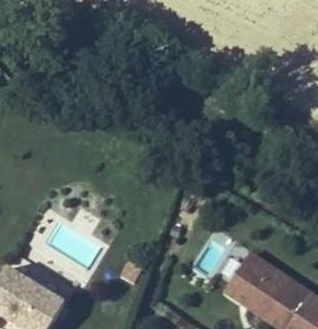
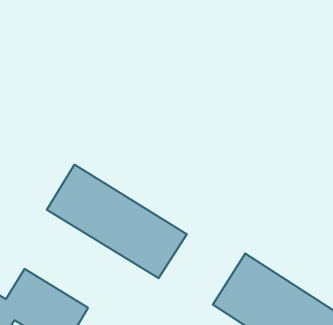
building: none -> [47,165,187,278]

